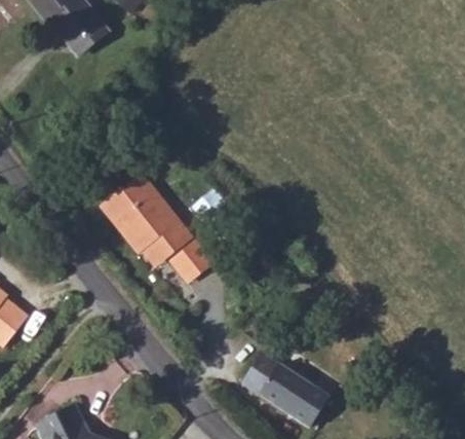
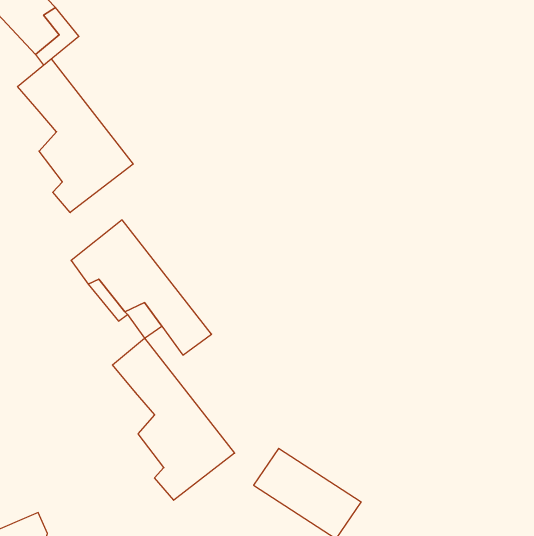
building: none -> [18,59,133,213]
building: none -> [112,338,235,500]

